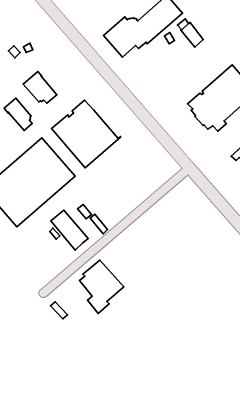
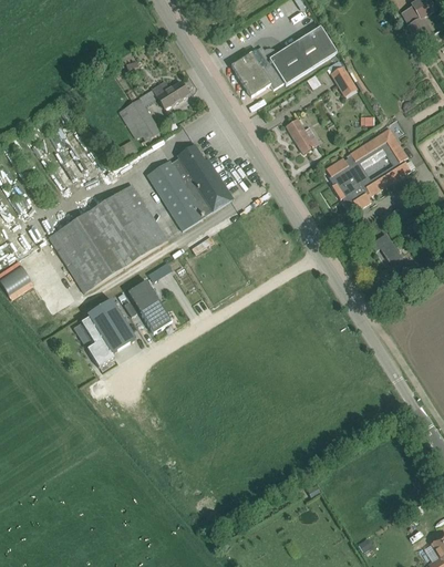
building: none -> [152,81,188,109]
building: none -> [286,117,319,153]
building: [4,98,32,131] -> none
building: [79,260,124,313] -> [81,299,136,367]

